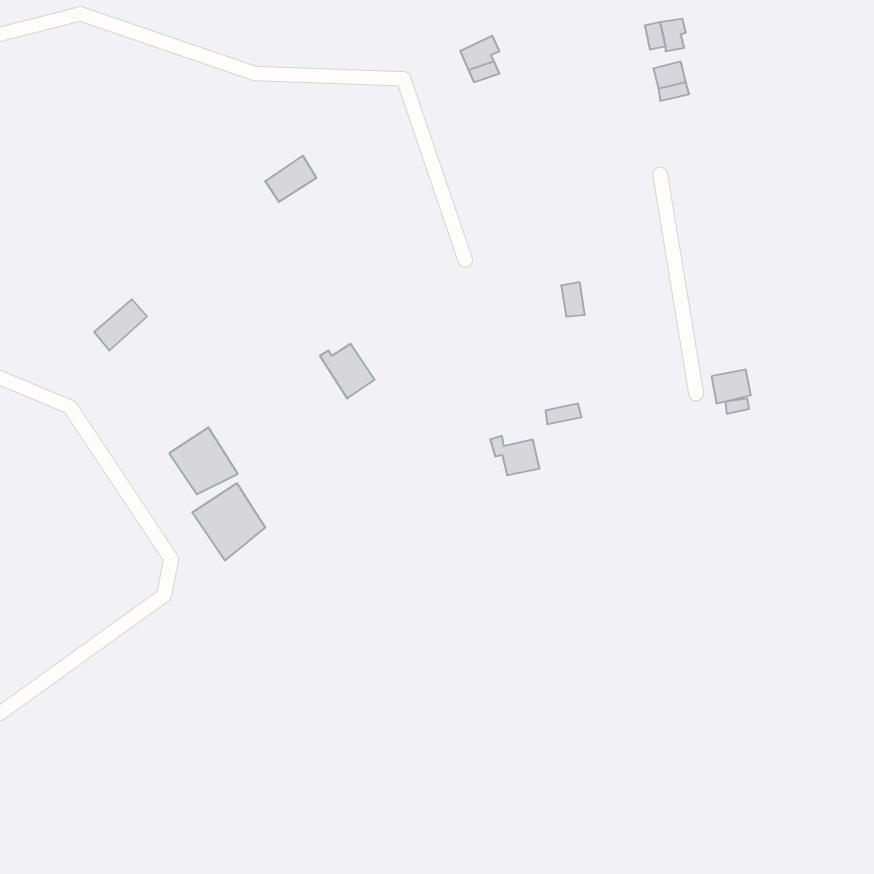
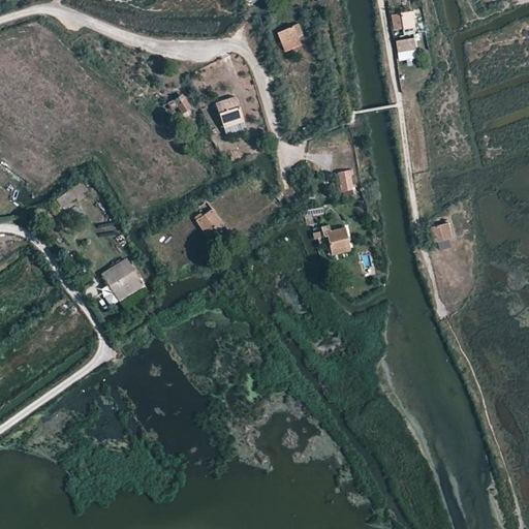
building: none -> [214,95,245,128]
building: [490,436,540,475] -> [319,224,349,248]
building: [192,483,265,561] -> none

